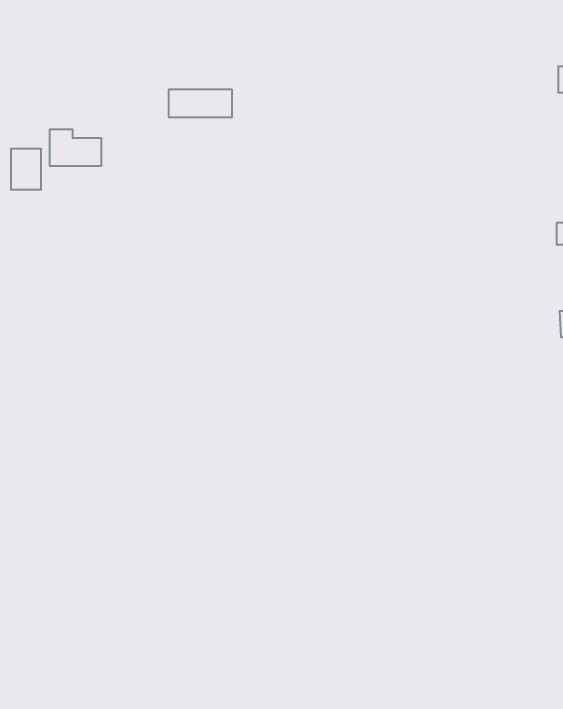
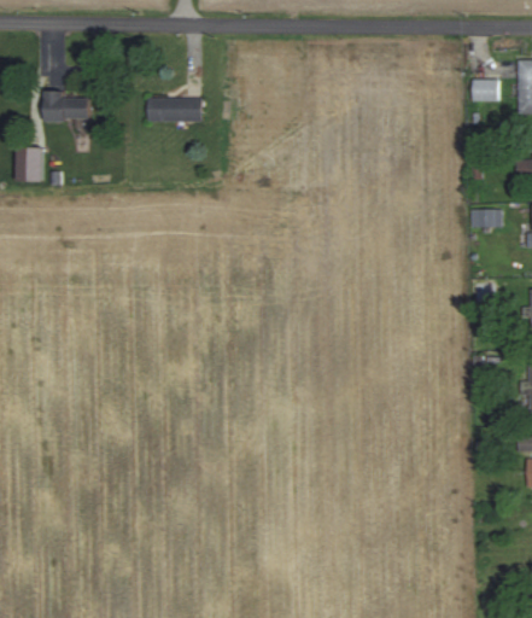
building: [50,130,102,166] -> [45,91,88,121]

